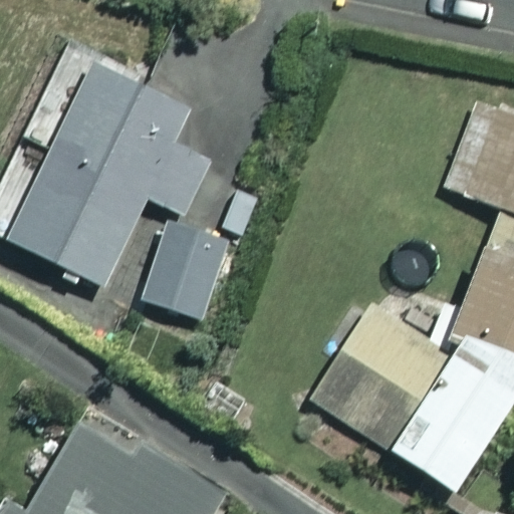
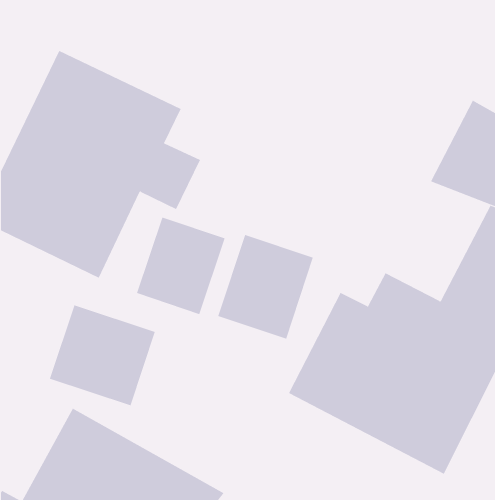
building: none -> [218,234,314,340]
building: none -> [49,305,156,406]

